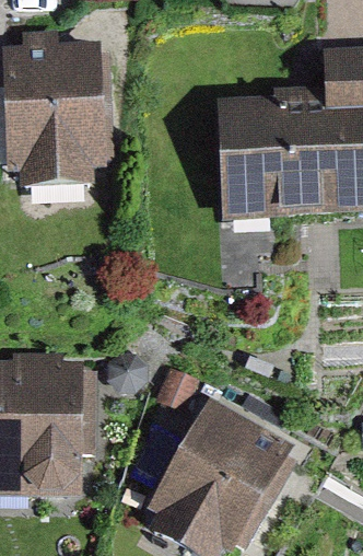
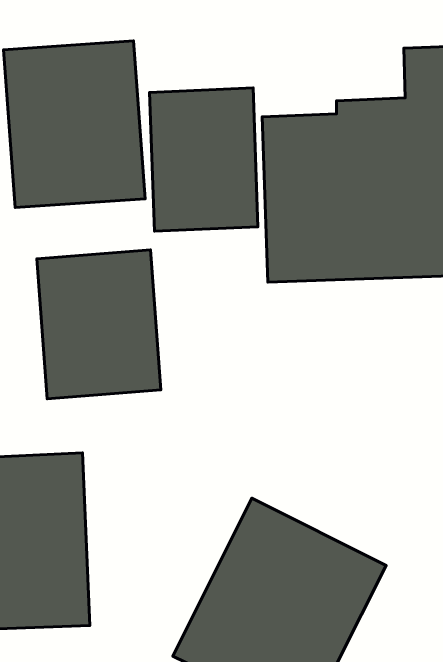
building: none -> [150,88,258,231]
building: none -> [37,250,161,399]

